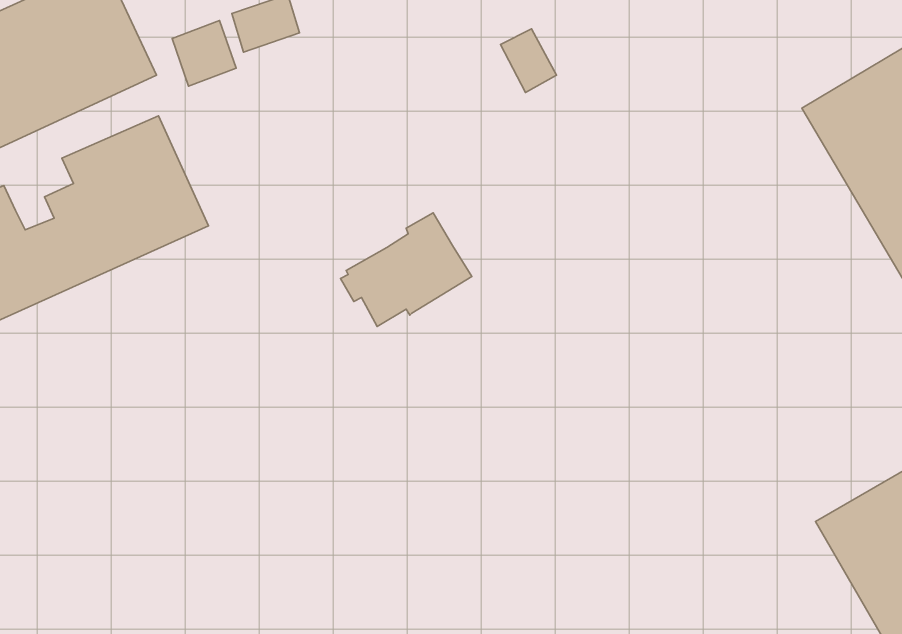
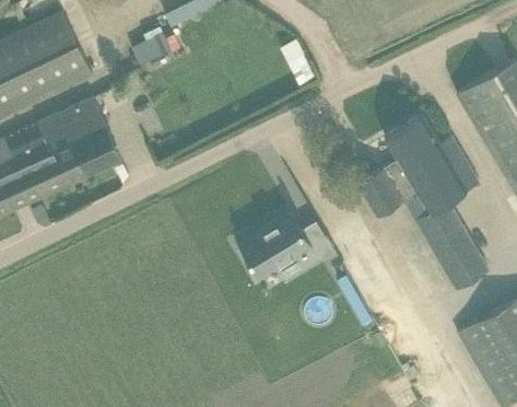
building: [172,20,236,86] -> none
building: none -> [356,115,486,289]
building: [340,213,472,327] -> [236,211,310,276]

